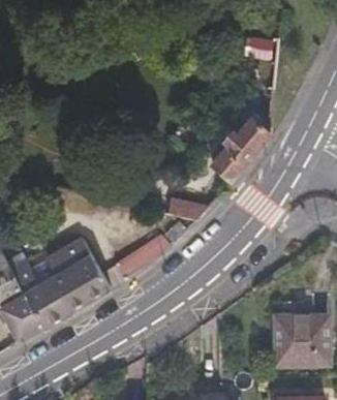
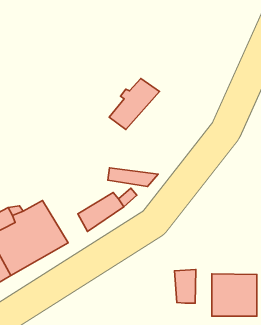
building: [211,124,270,184] -> [109,78,159,130]
building: none -> [175,269,196,303]

